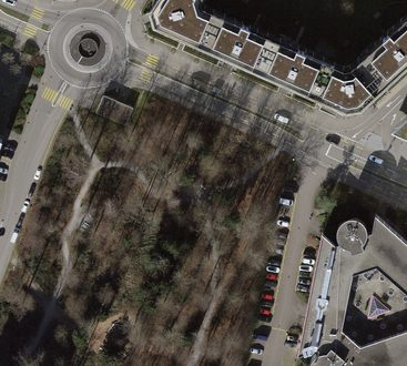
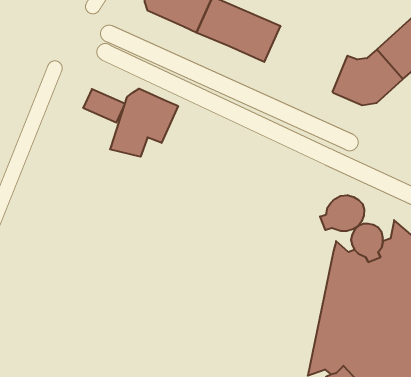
building: [260,42,334,101] -> none
building: none -> [110,89,178,157]
building: none -> [320,195,364,231]

